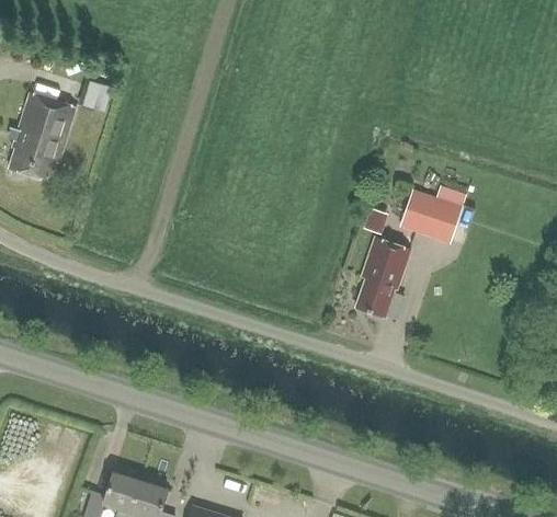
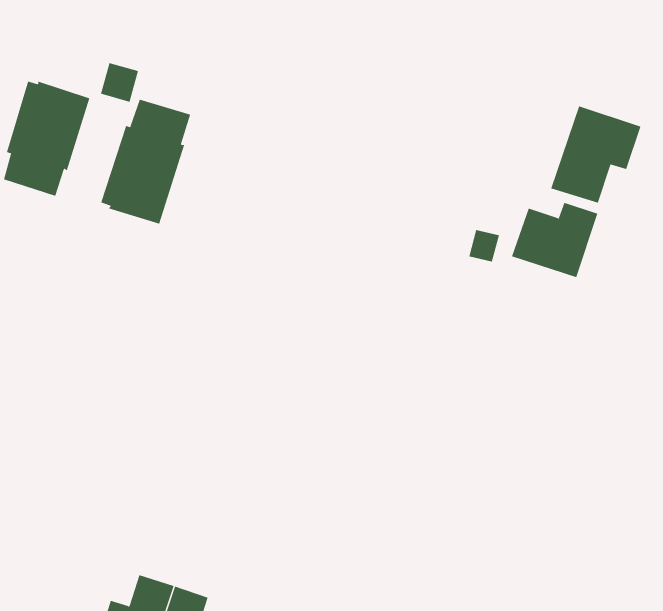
building: none -> [100,99,191,224]
building: none -> [551,105,641,204]
building: [355,239,410,321] -> none

